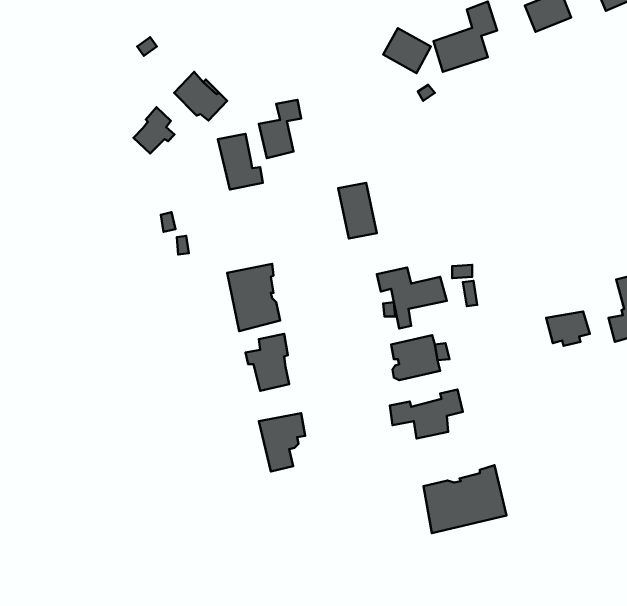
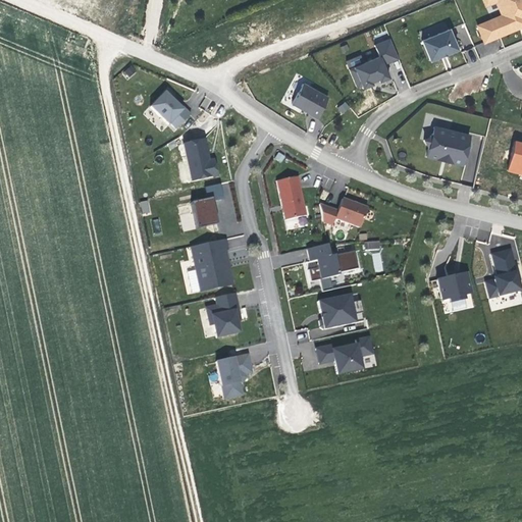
building: [383,28,431,73] -> [292,84,328,118]
building: [259,100,301,158] -> [192,184,224,228]
building: [134,107,174,154] -> none
building: none -> [424,126,469,165]
building: none -> [335,198,368,226]
building: [424,465,506,533] -> none

